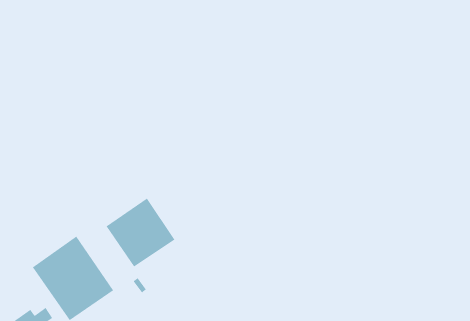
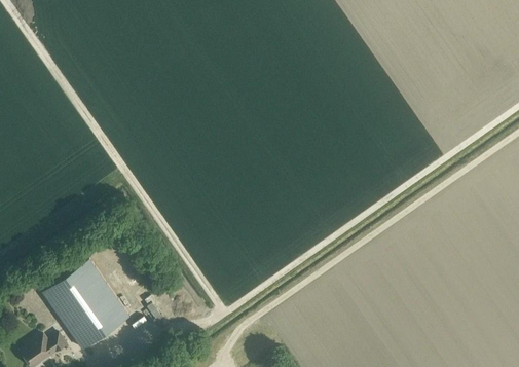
building: [105,197,176,268] -> none

